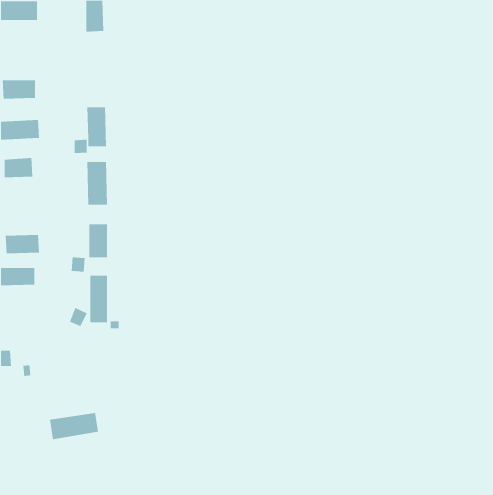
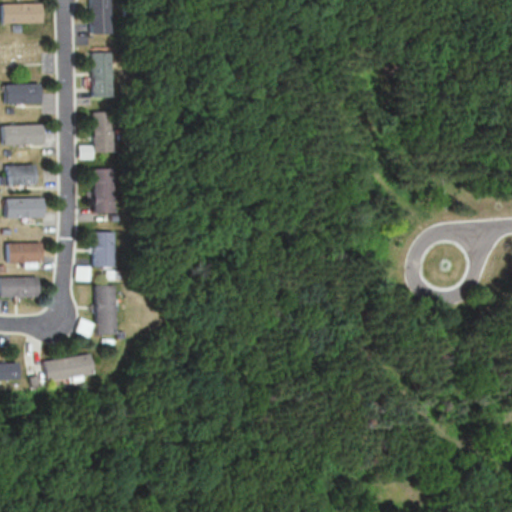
building: none -> [92,52,112,98]
building: none -> [8,198,45,219]
building: [49,413,99,440] -> [41,354,92,382]

